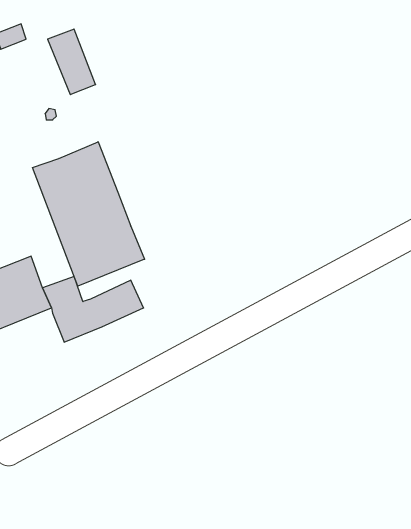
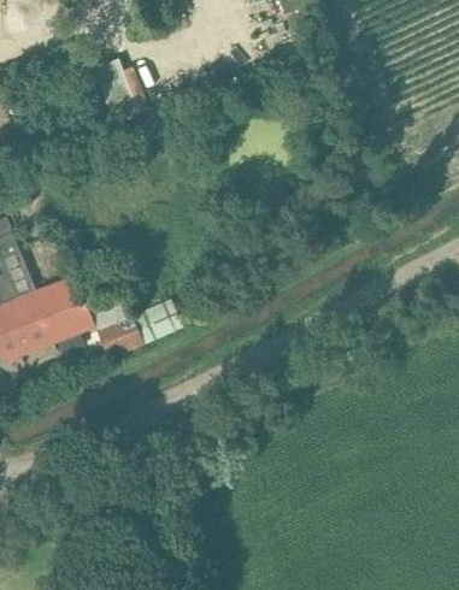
building: [33,142,145,286] -> none

